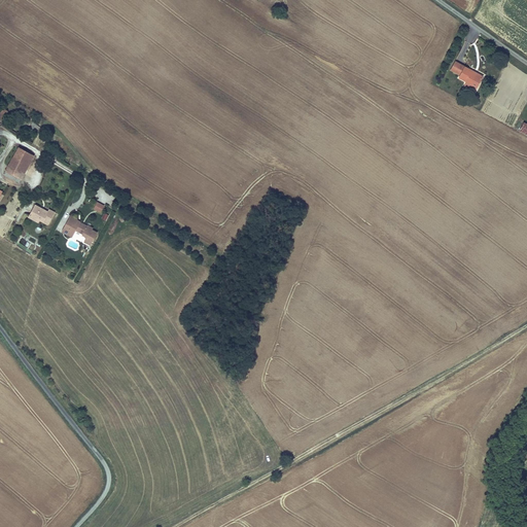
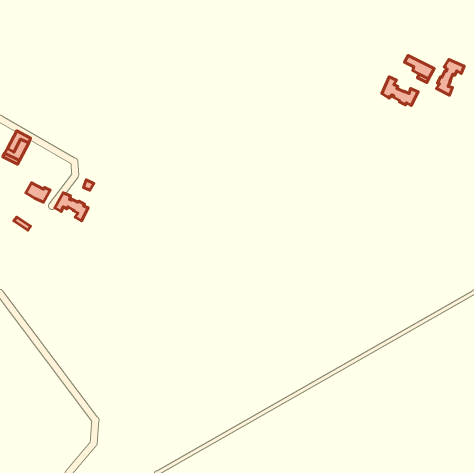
building: none -> [437,59,464,95]
building: none -> [382,77,418,106]

